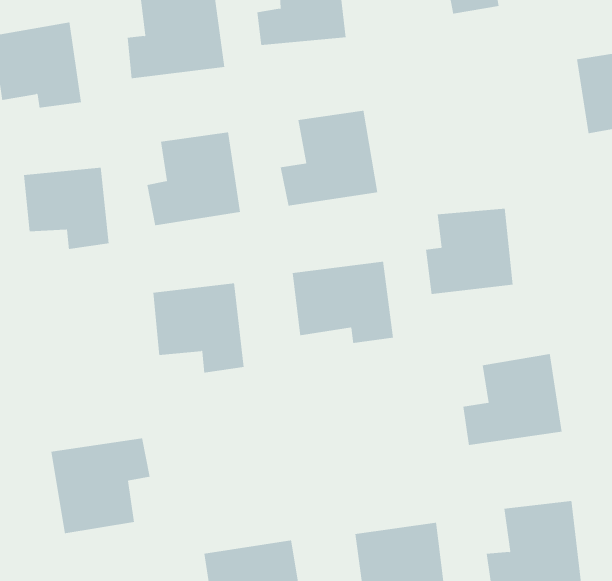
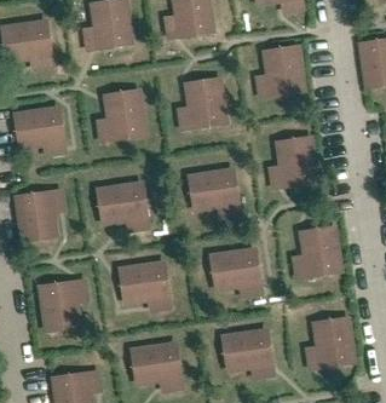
building: none -> [253,42,307,94]
building: none -> [15,189,69,241]
building: none -> [206,244,270,300]
building: none -> [116,259,175,315]

